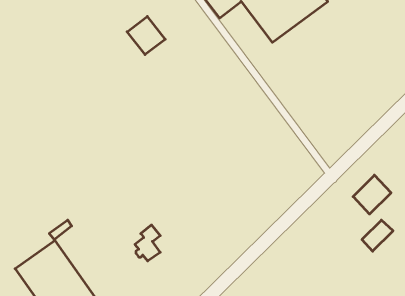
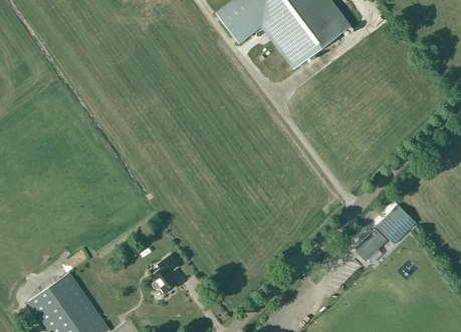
building: [127,16,165,55] -> none
building: [362,220,393,251] -> [355,229,387,261]

